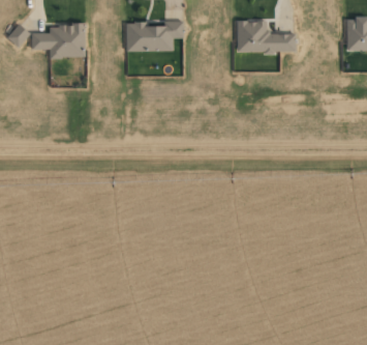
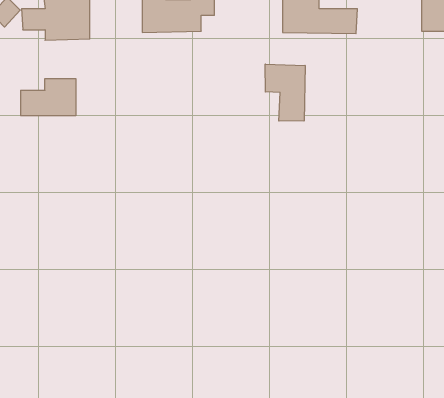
building: none -> [265,64,305,121]
building: none -> [21,79,76,116]

